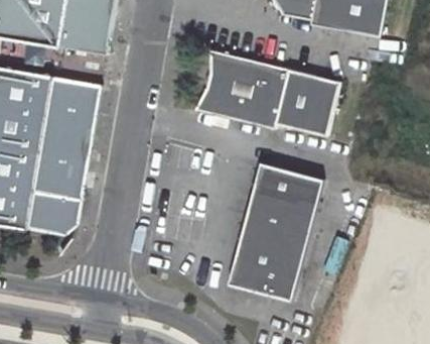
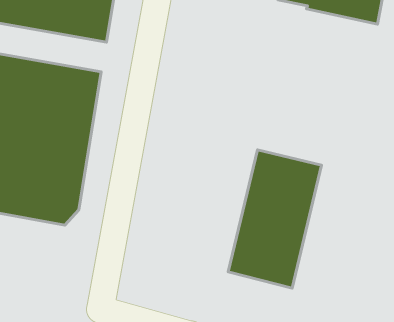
building: [188,46,334,135] -> none

